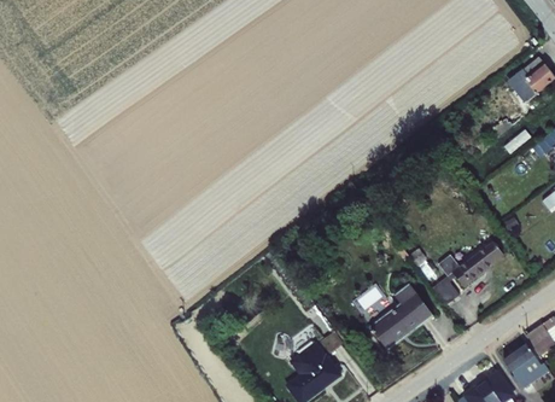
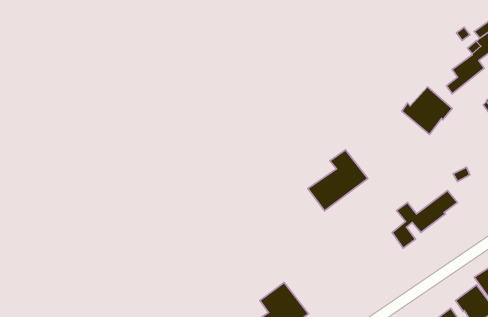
building: none -> [402,87,452,135]
building: [369,284,434,350] -> [308,150,368,211]

